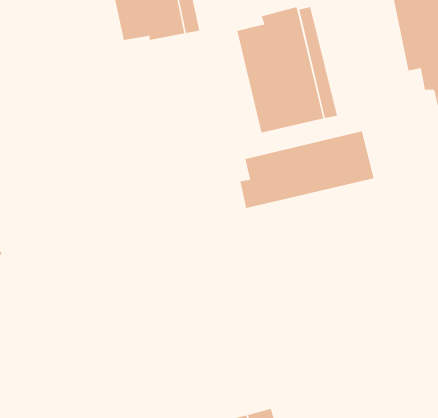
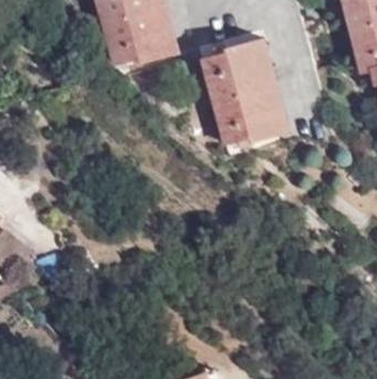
building: [240,131,374,209] -> none

